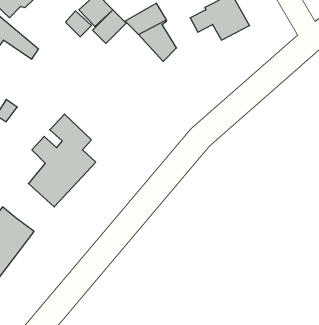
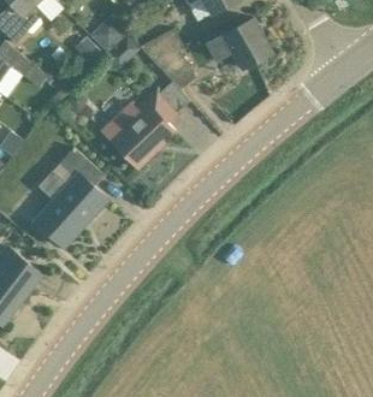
building: none -> [100,85,178,167]

